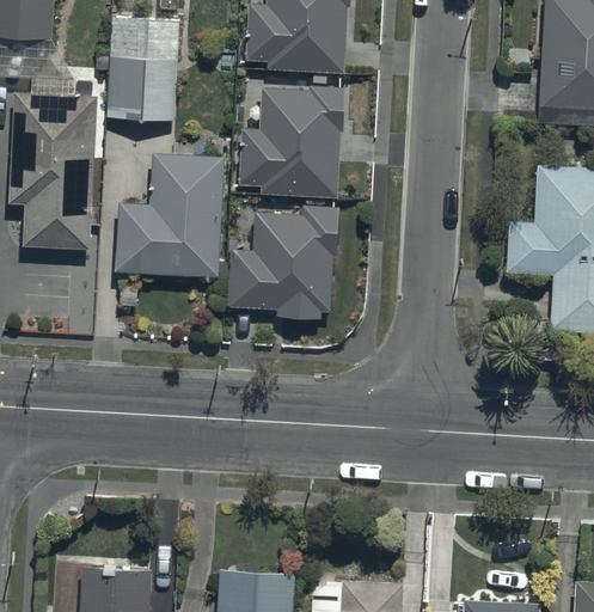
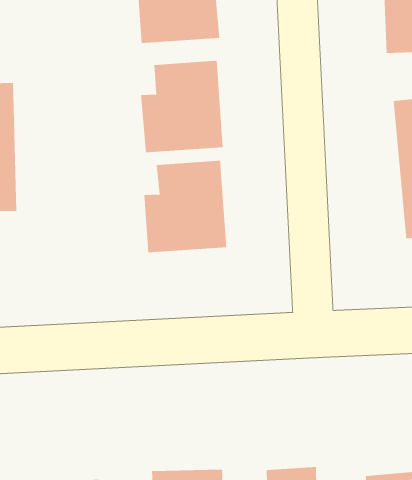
building: [104,12,176,116] -> none
building: [121,155,226,276] -> none

